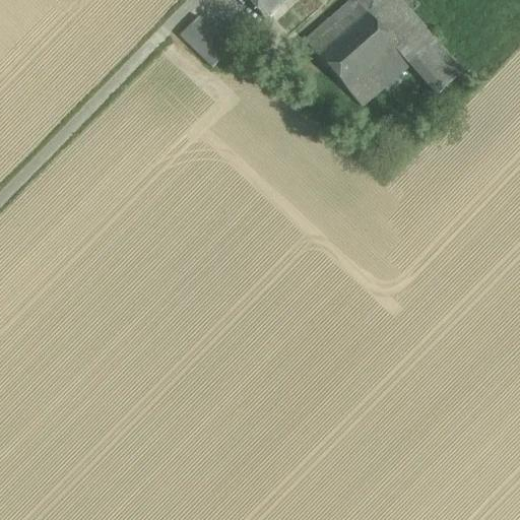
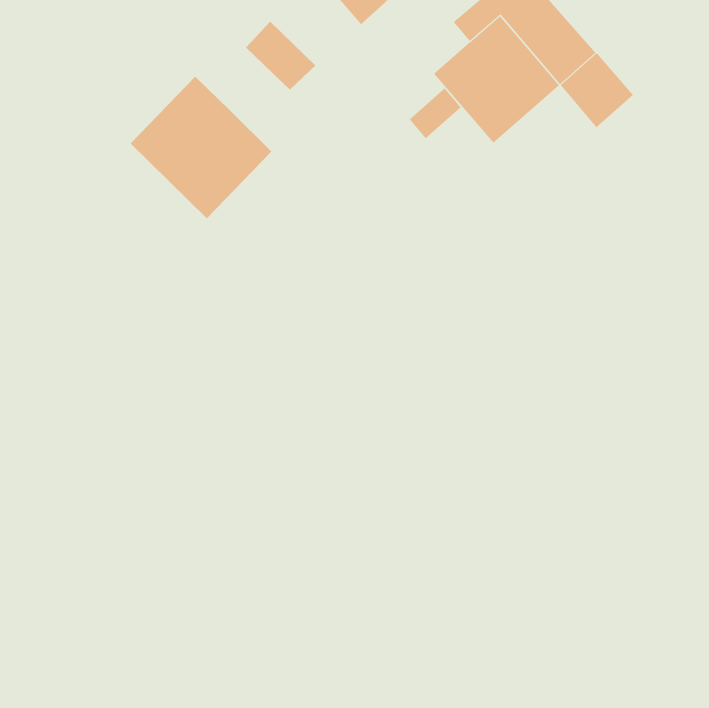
building: [306,16,344,54] -> [409,88,462,139]
building: none -> [130,76,272,219]

